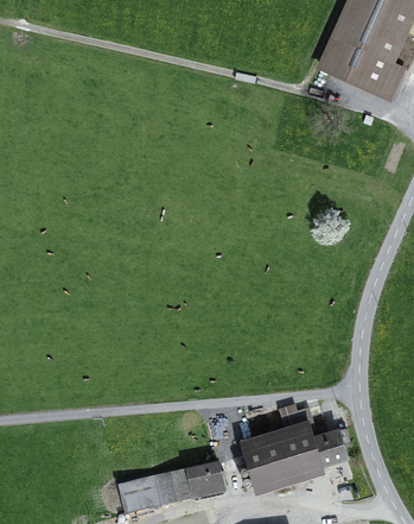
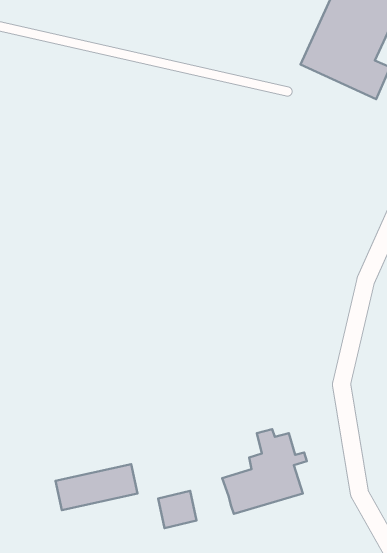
building: [313,429,350,472] -> none
building: [117,469,193,512] -> [55,464,137,510]

